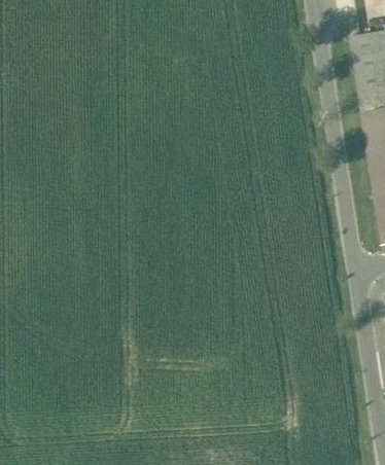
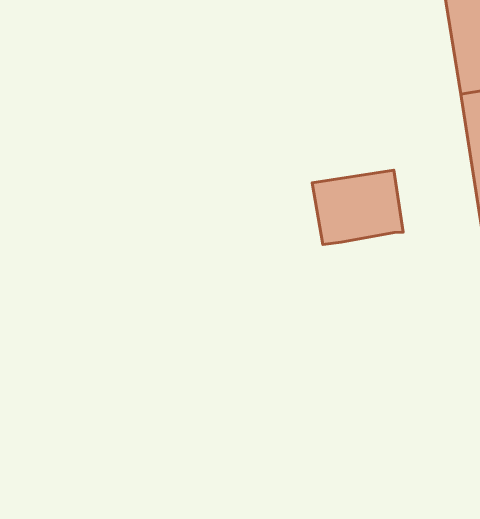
building: none -> [312,170,403,245]

